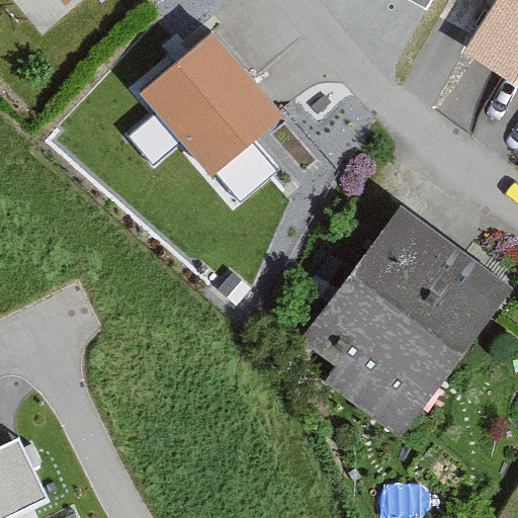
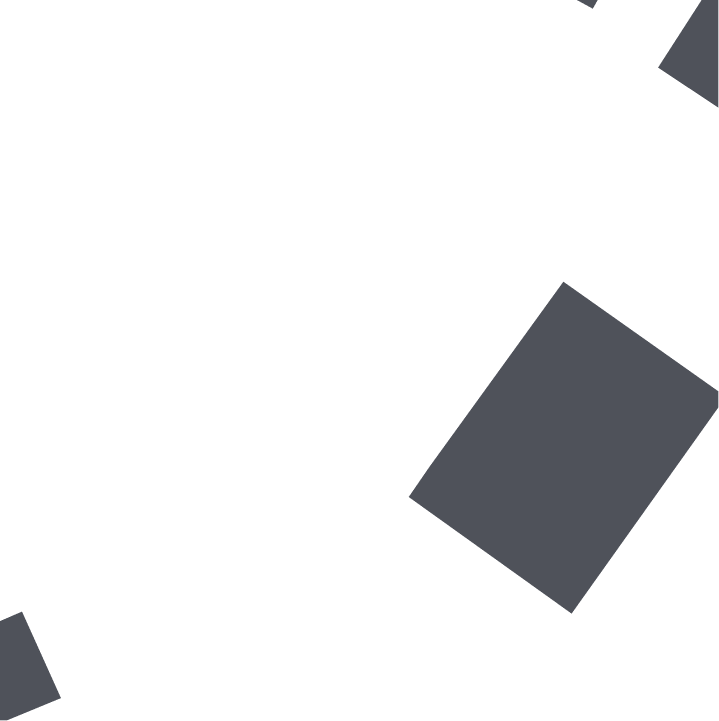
building: [137,34,278,177] -> none

